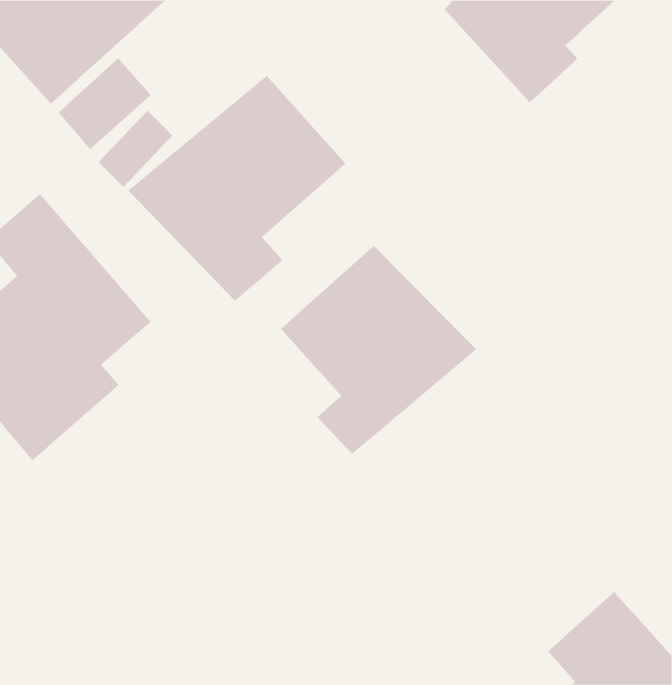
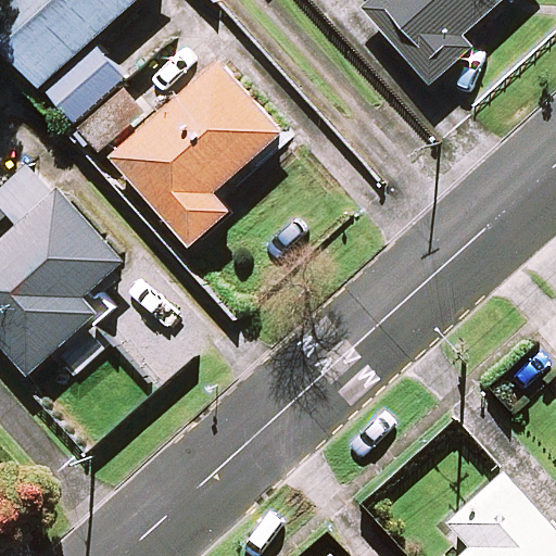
building: [280,245,477,455] -> none

